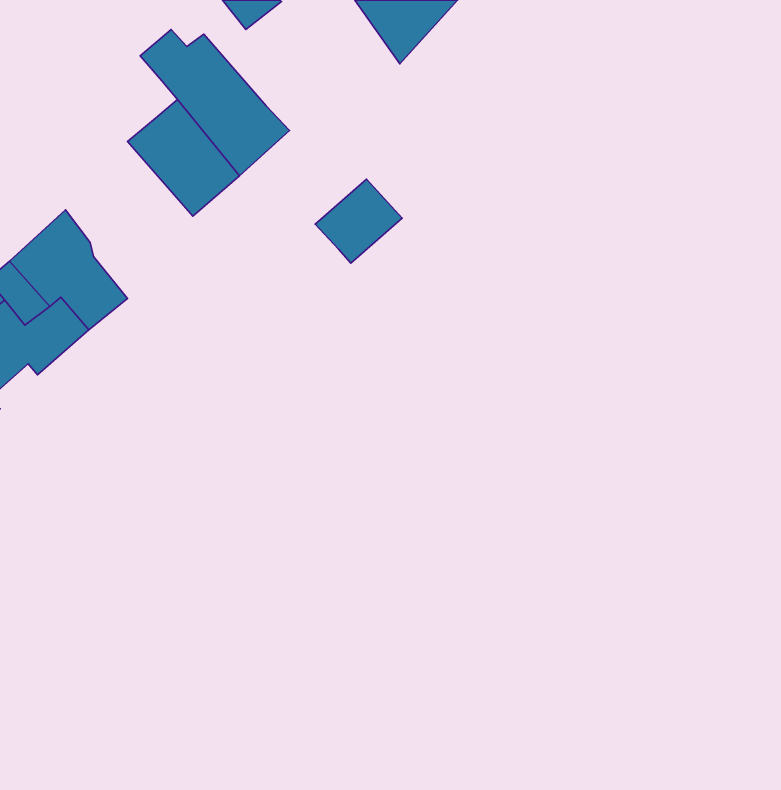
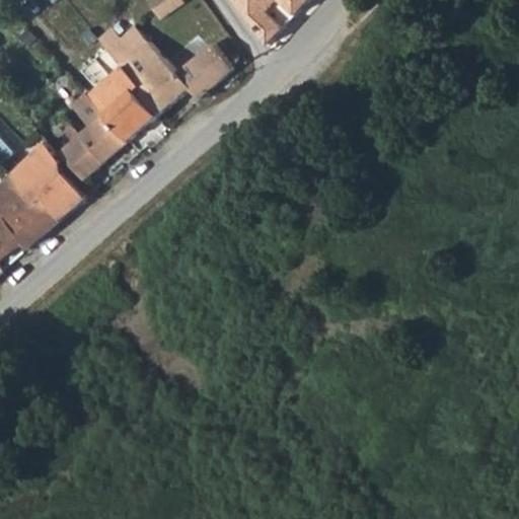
building: none -> [59,95,126,180]
building: [315,179,402,263] -> [173,43,230,97]

